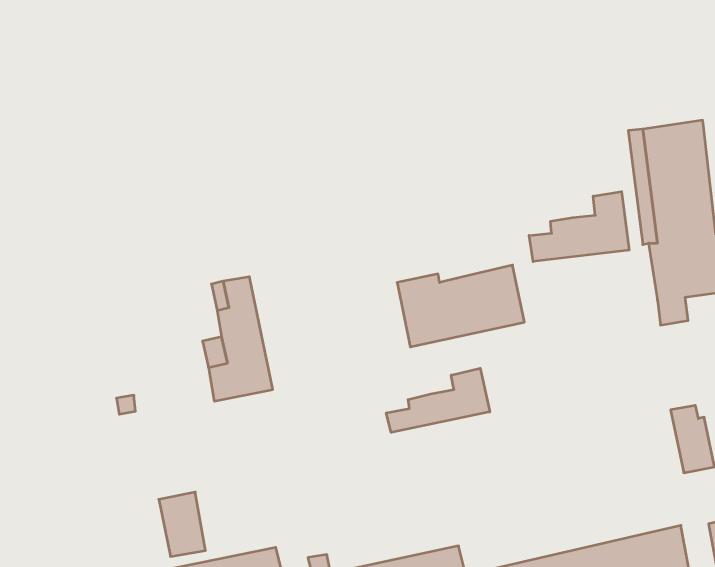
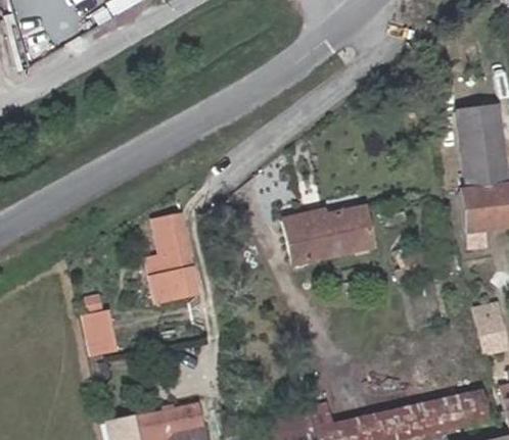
building: [529,192,629,262] -> none
building: [386,368,490,432] -> none
building: [159,492,205,556] -> [84,311,117,356]

